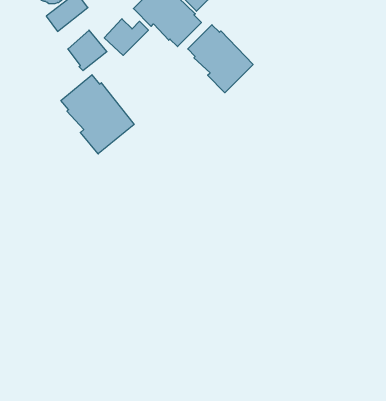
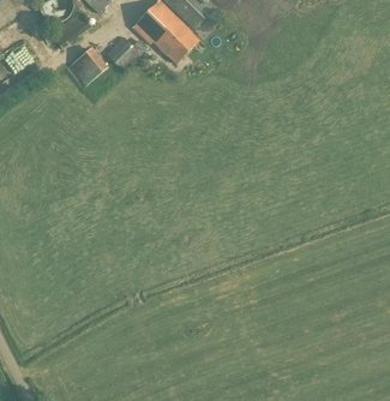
building: [188,25,253,93] -> none
building: [61,75,134,154] -> none

